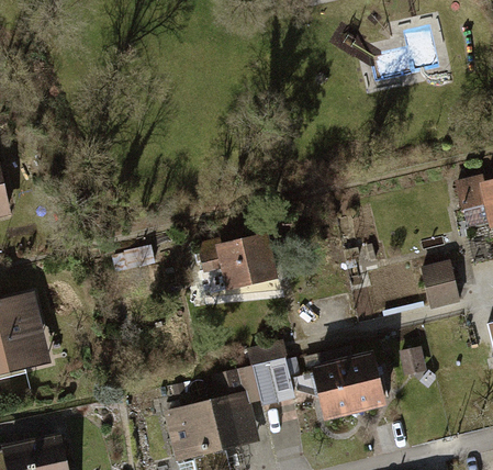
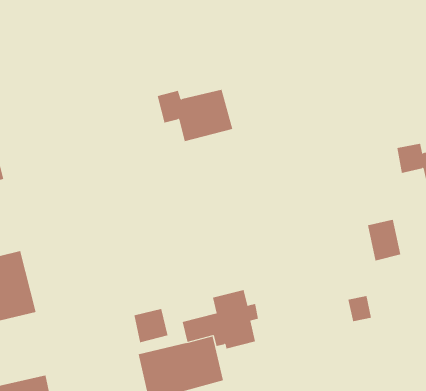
building: [195,233,281,292] -> [157,89,233,142]
building: [310,352,384,421] -> none
building: none -> [134,308,168,343]

